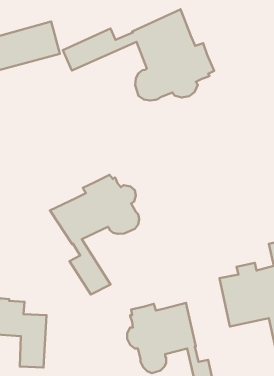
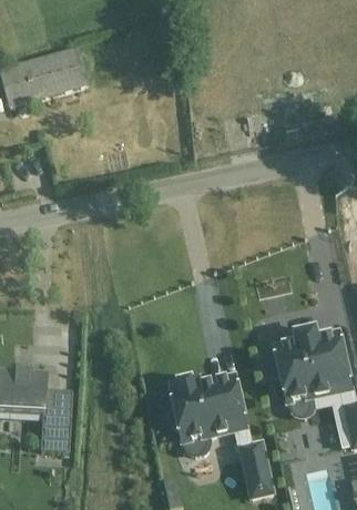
building: [63,9,214,101] -> none
building: [50,175,139,294] -> none

